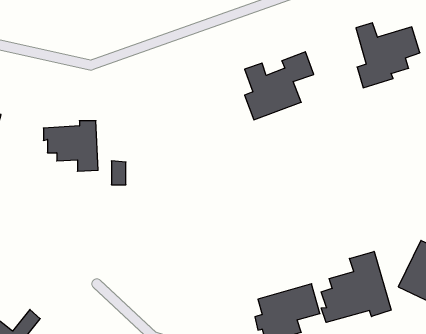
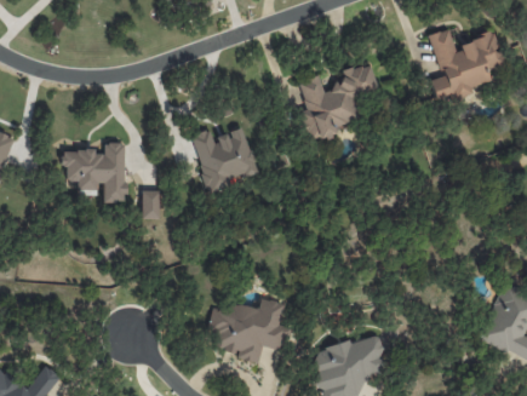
building: none -> [190,127,258,193]
building: [321,251,391,322] -> none
building: none -> [207,298,290,363]

